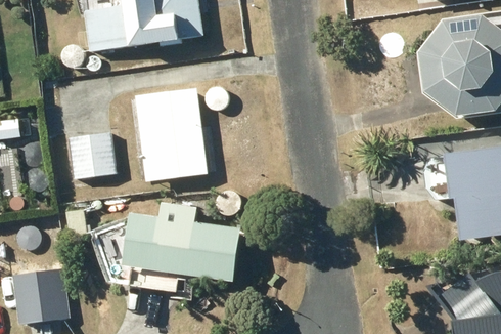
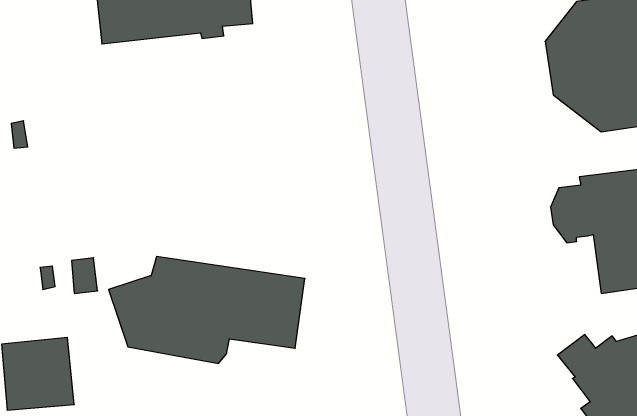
building: [134,87,216,181] -> none
building: [69,133,118,179] -> none

